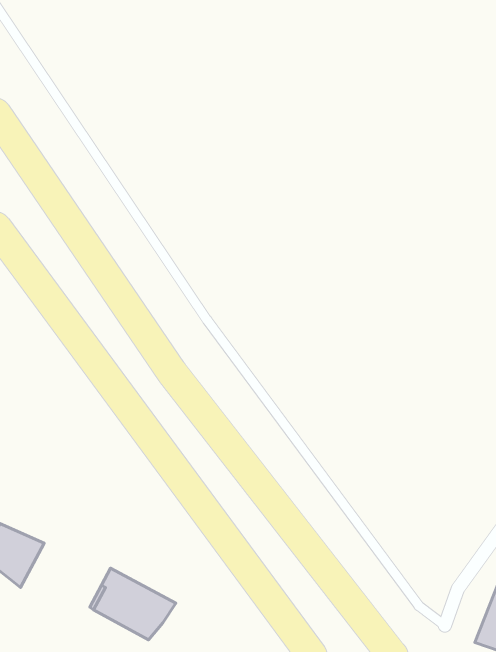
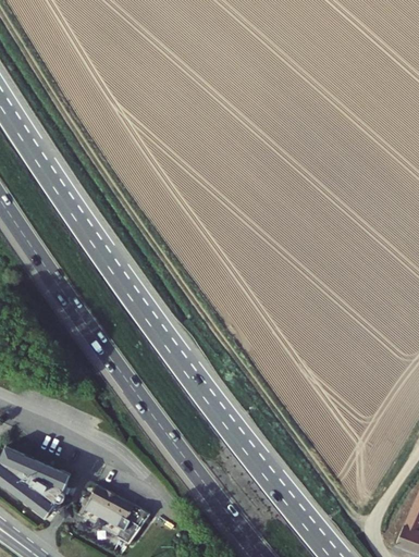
building: none -> [20,463,66,516]

